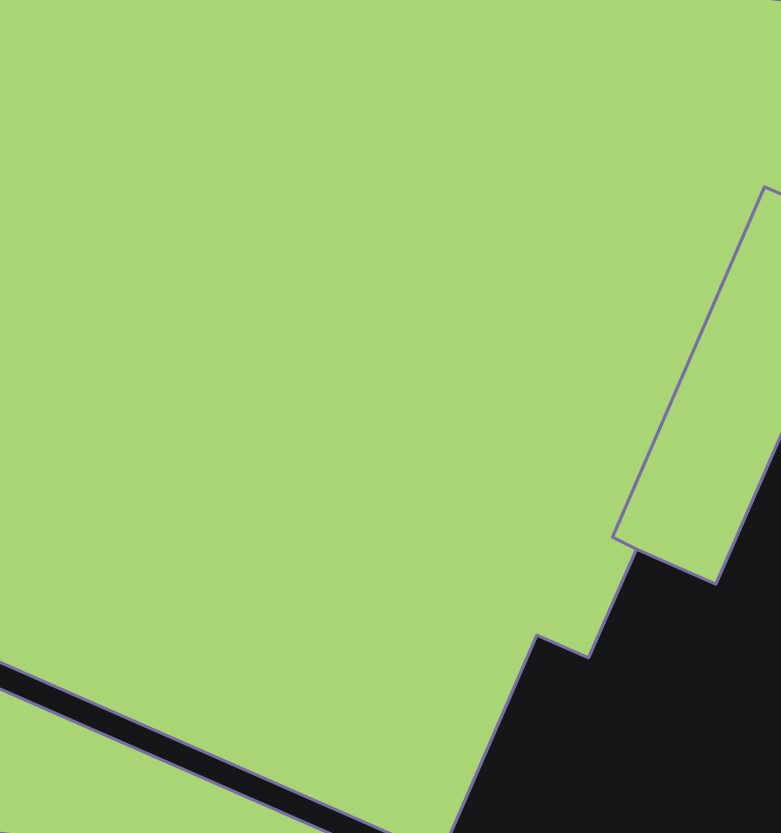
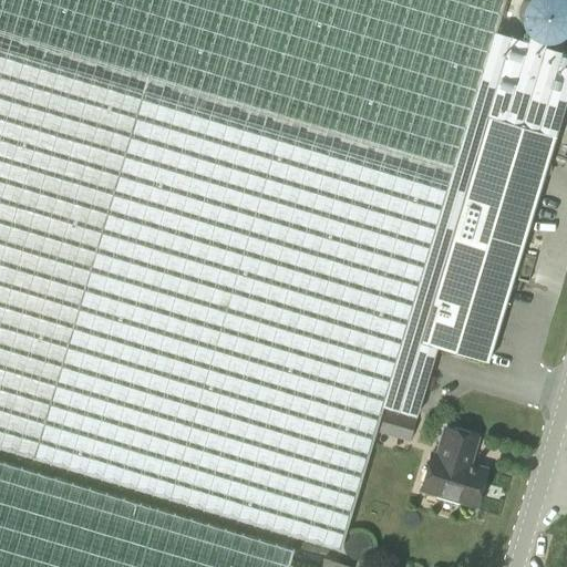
building: none -> [377,409,414,440]
building: none -> [420,427,484,503]

